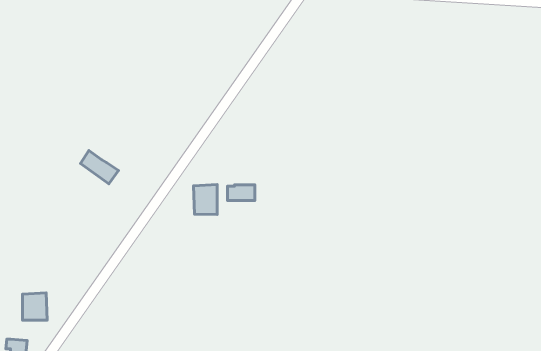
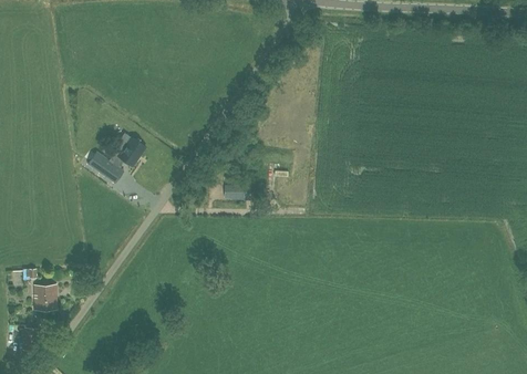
building: none -> [107,132,145,165]
building: [194,184,217,214] -> none

